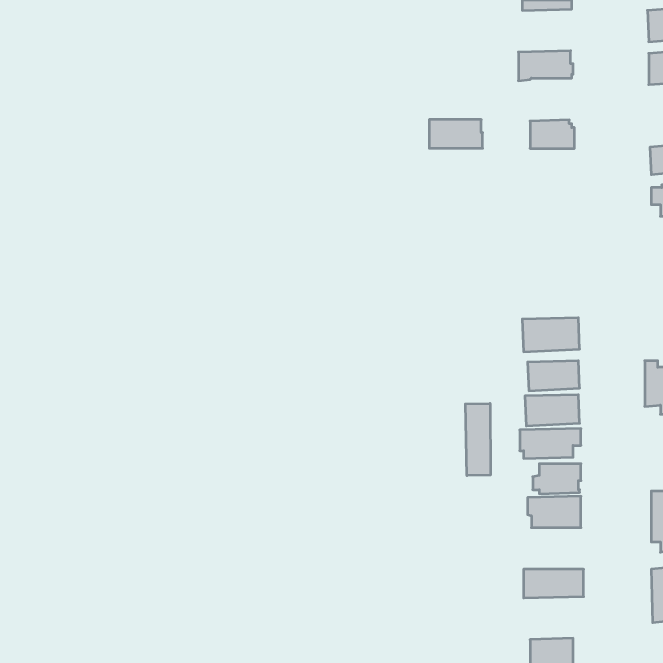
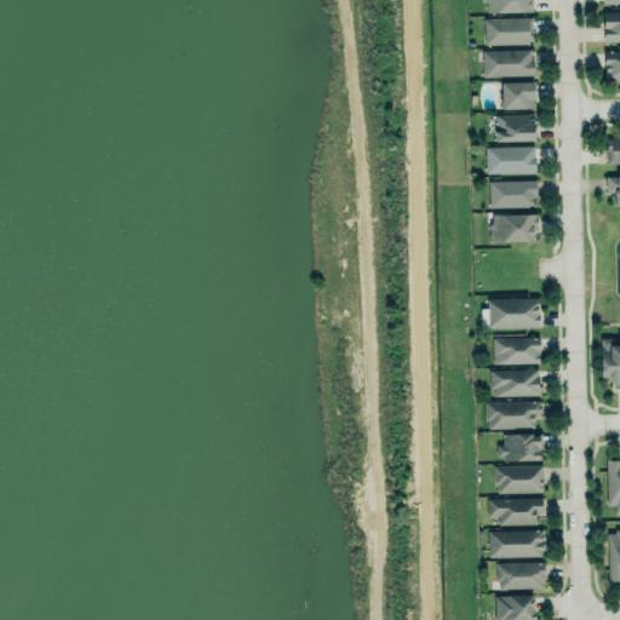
building: none -> [486,17,535,45]
building: none -> [503,80,536,108]
building: [429,120,483,148] -> [487,147,536,173]
building: none -> [490,179,538,208]
building: none -> [492,214,538,242]
building: [465,403,490,476] -> none
building: none -> [487,496,545,527]
building: none -> [494,561,546,591]

